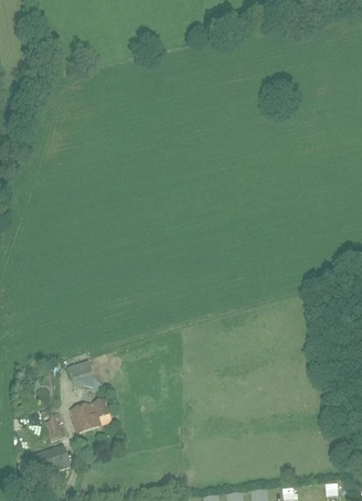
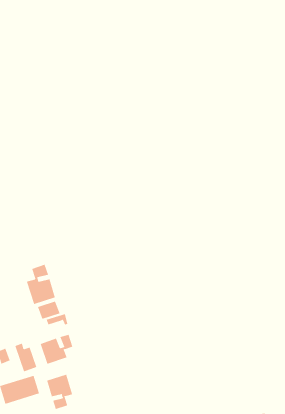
building: none -> [26,264,56,305]
building: none -> [47,374,73,410]

